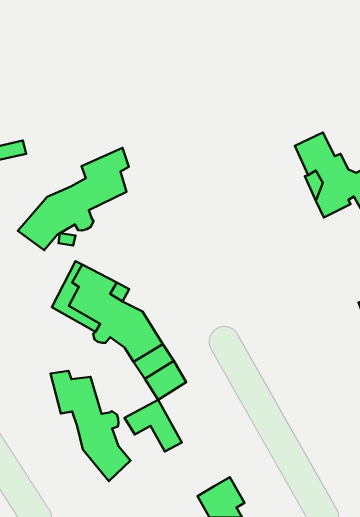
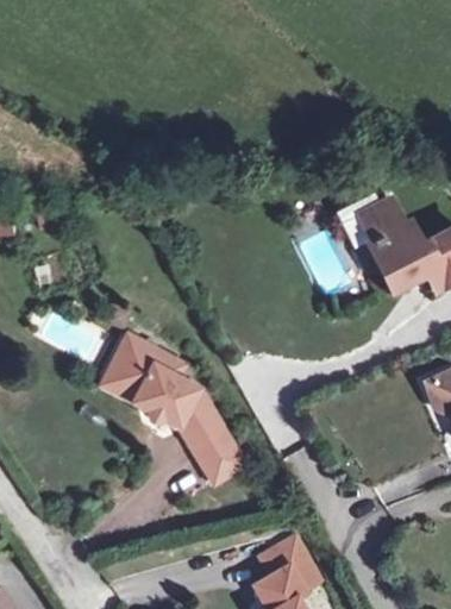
building: [18,148,129,250] -> none
building: [50,371,130,481] -> none
building: [125,400,182,451] -> [262,536,322,591]

